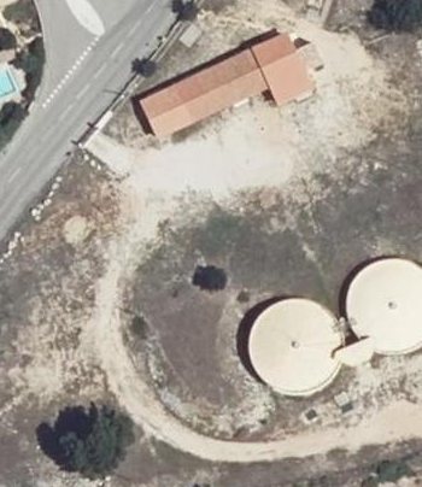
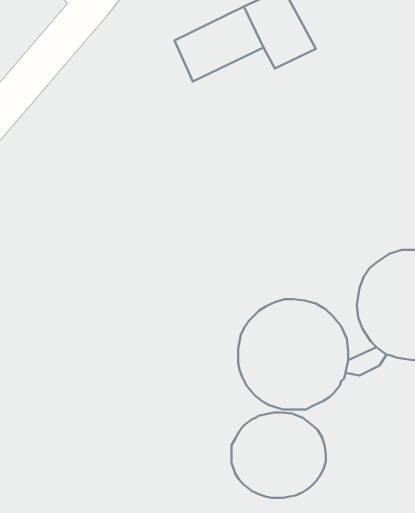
building: [139,77,207,136] -> none
building: none -> [232,412,326,498]

